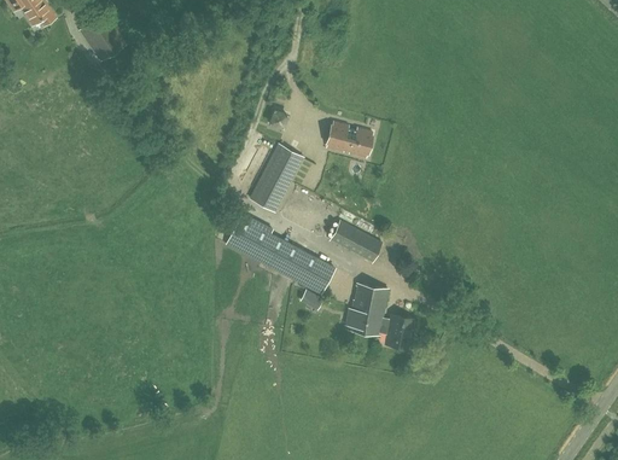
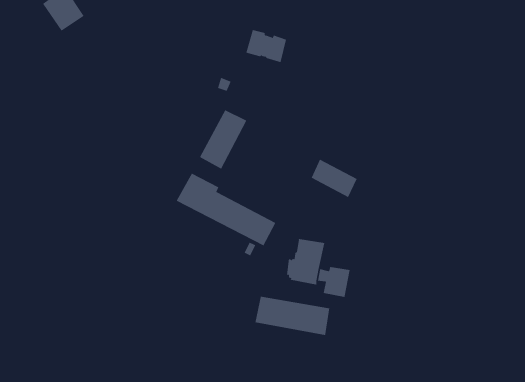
building: [327,121,372,157] -> [246,29,287,63]
building: [331,220,381,262] -> [311,159,357,198]
building: none -> [255,296,330,336]

